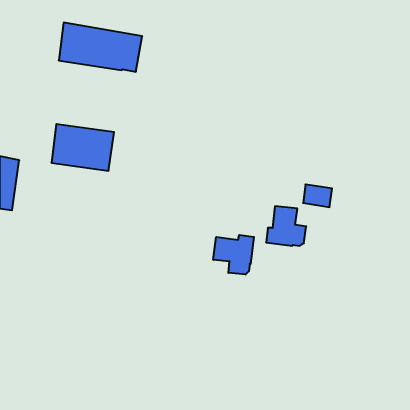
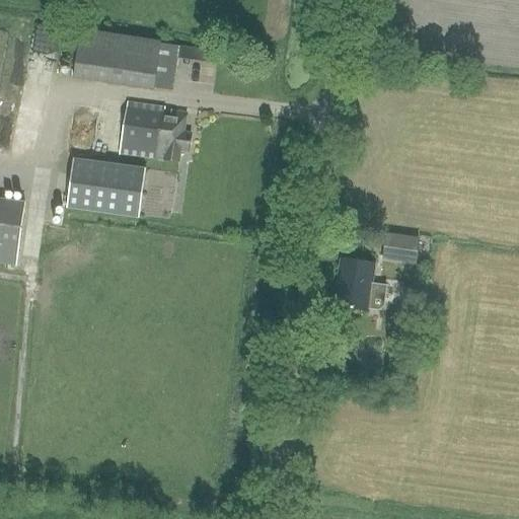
building: none -> [120,102,191,162]
building: [213,235,254,275] -> none

